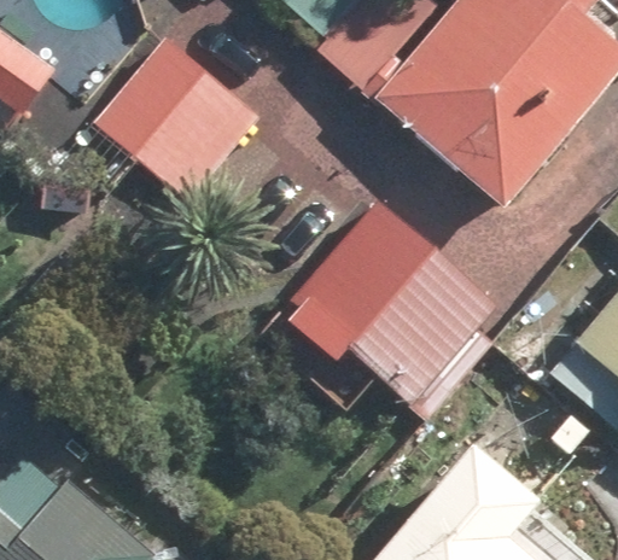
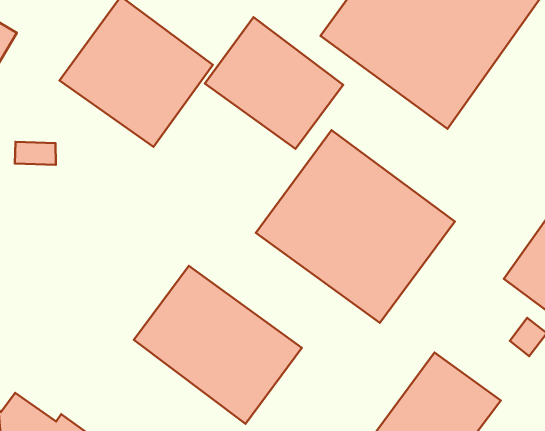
building: none -> [205,17,343,149]
building: none -> [134,266,302,424]

